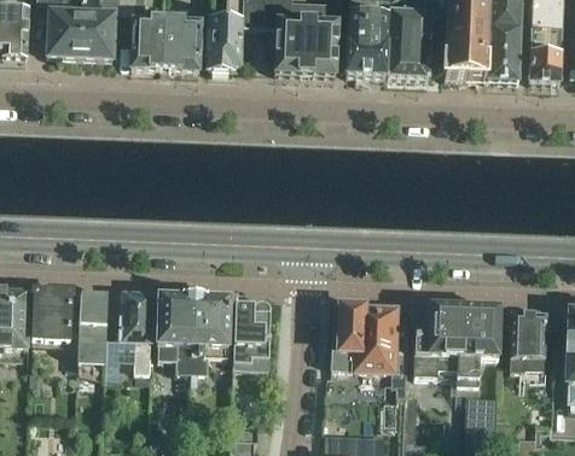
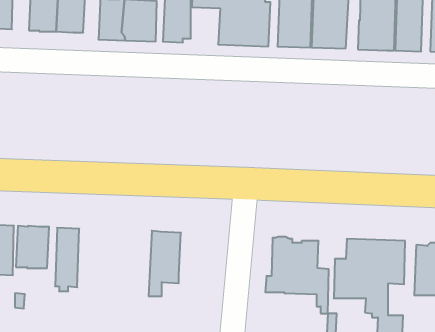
building: [105,292,152,381] -> none
building: [156,294,194,373] -> none
building: [232,298,269,369] -> none

